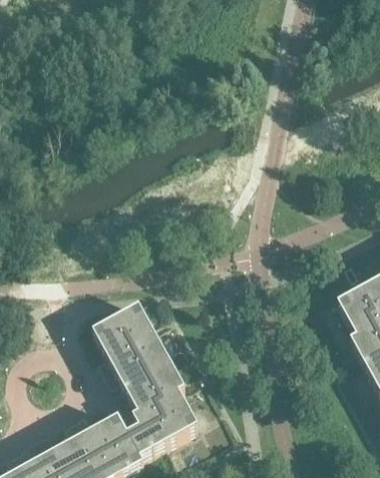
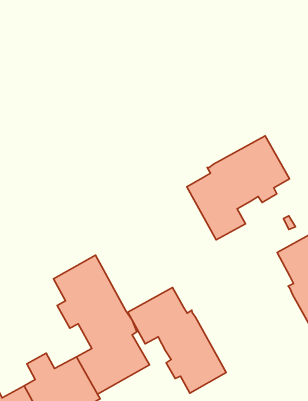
building: none -> [187,136,289,240]
building: none -> [128,288,226,393]

